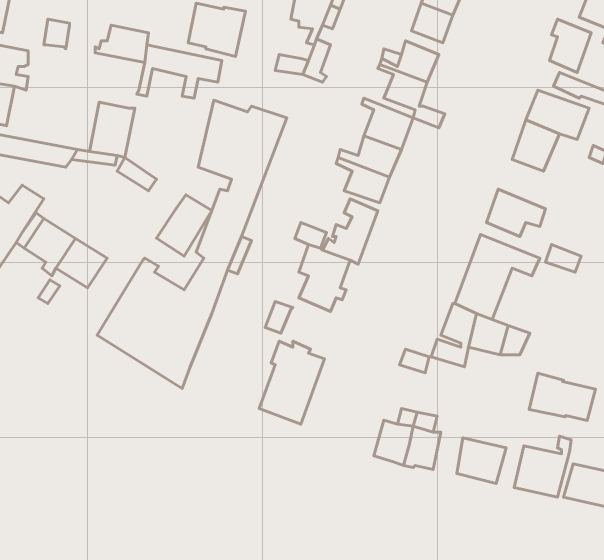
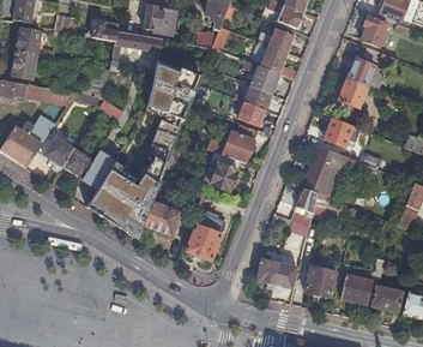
building: [156,195,212,256] -> [81,151,115,189]
building: none -> [144,193,179,235]
building: [529,373,595,420] -> none

